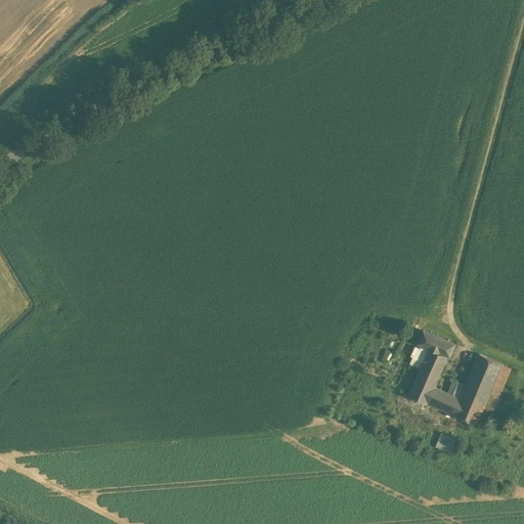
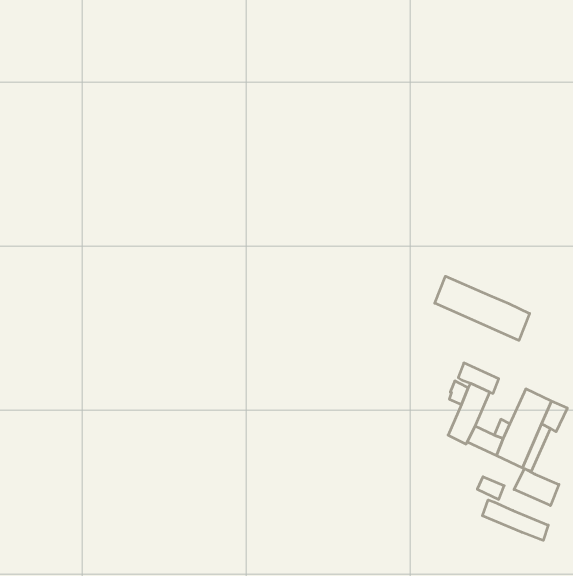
building: none -> [435,276,530,340]
building: none -> [514,469,559,506]
building: none -> [482,500,548,540]

